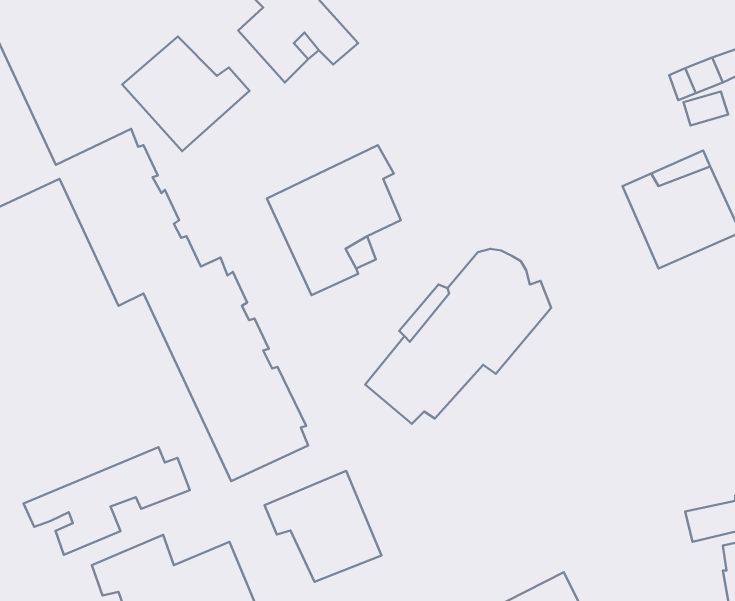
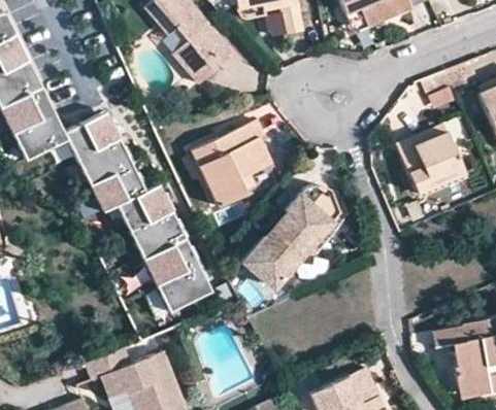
building: [122,36,250,151] -> none
building: [23,447,190,555] -> none
building: [264,471,382,582] -> none

